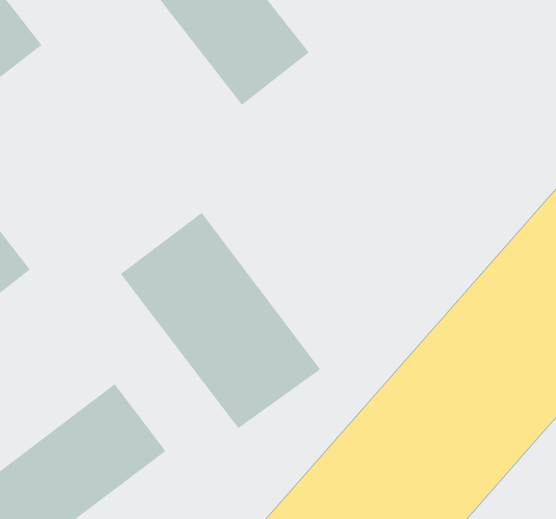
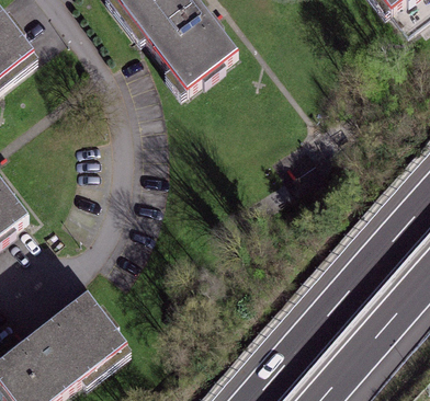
building: [120,212,321,429] -> none

